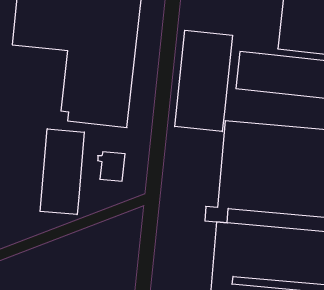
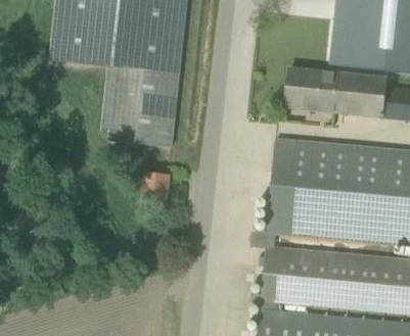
building: [175,30,232,132] -> none
building: [40,129,84,215] -> none

